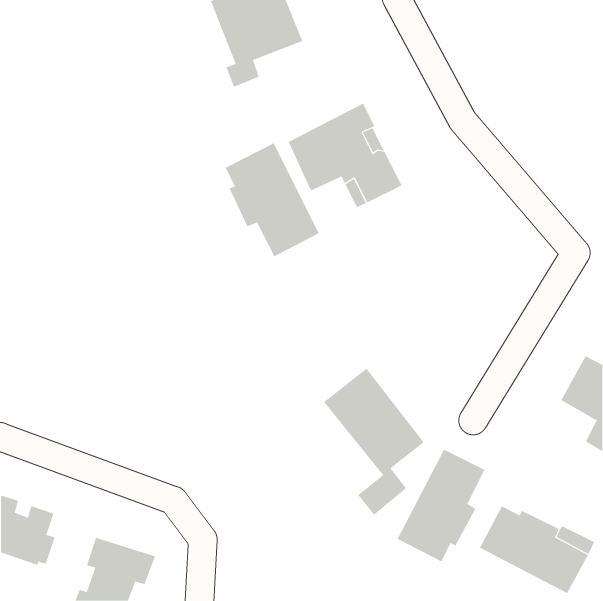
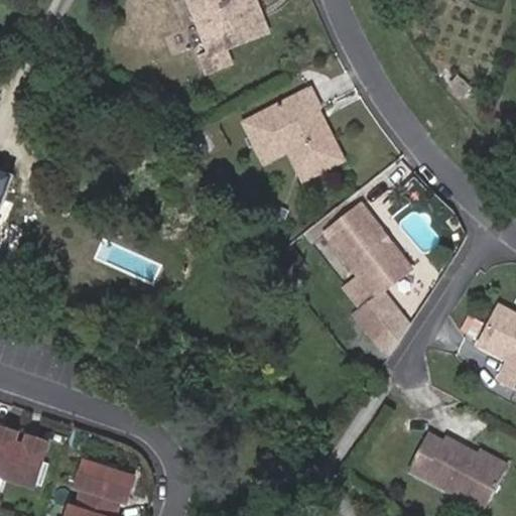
building: [225,143,319,257] -> none
building: [323,368,425,515] -> [316,206,403,332]
building: [397,449,485,562] -> none

